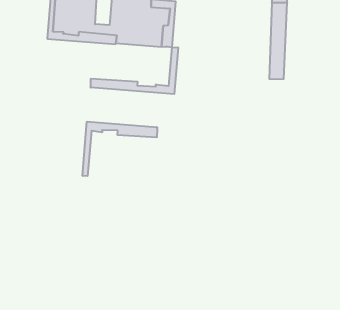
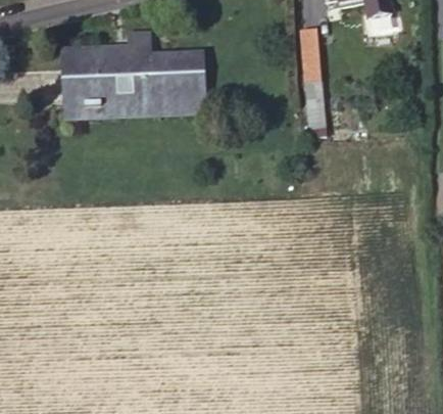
building: [91,47,178,94] -> none
building: [83,122,157,176] -> none

